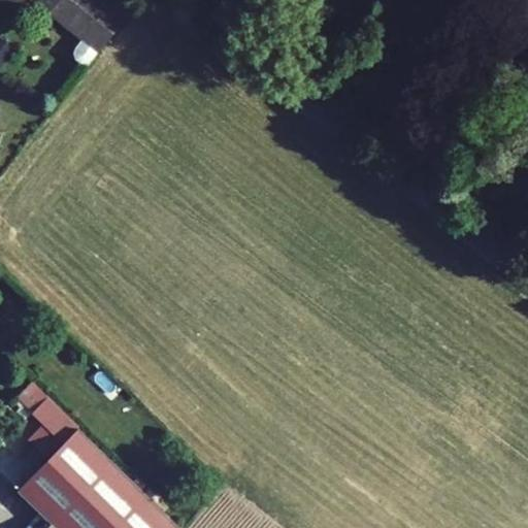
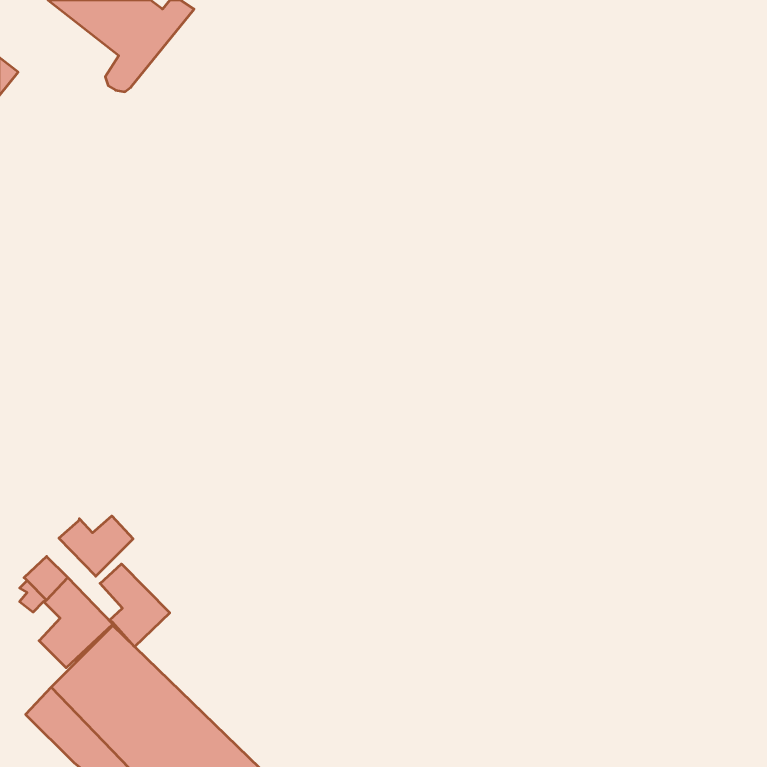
building: none -> [59,516,133,576]
building: none -> [100,564,170,647]

